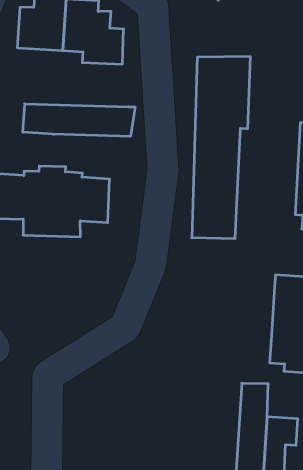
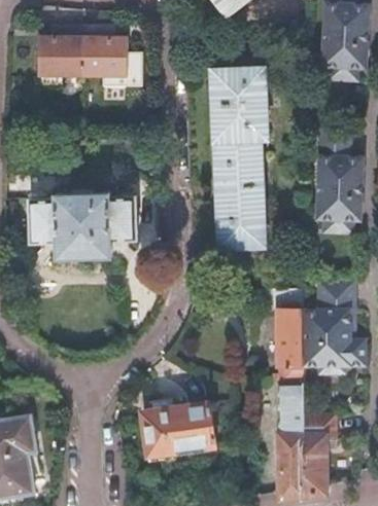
building: [23,104,135,136] -> none
building: none -> [276,291,303,388]
building: none -> [142,398,215,461]

